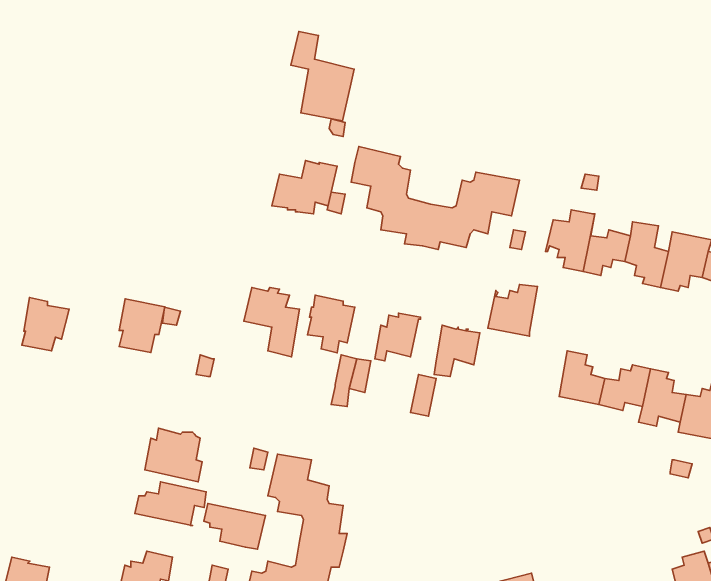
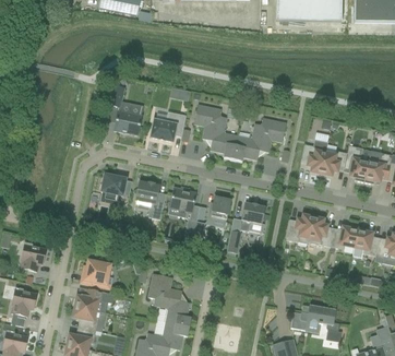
building: [291,32,354,121] -> [109,84,144,133]
building: [488,285,537,336] -> [286,214,313,242]
building: [22,297,69,351] -> [21,240,47,270]
building: [119,299,165,352] -> [101,173,127,202]
building: none -> [12,286,37,315]
building: [204,503,265,549] -> [73,305,107,330]
building: none -> [291,304,339,331]

